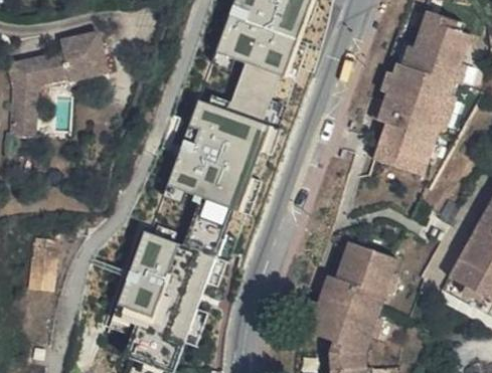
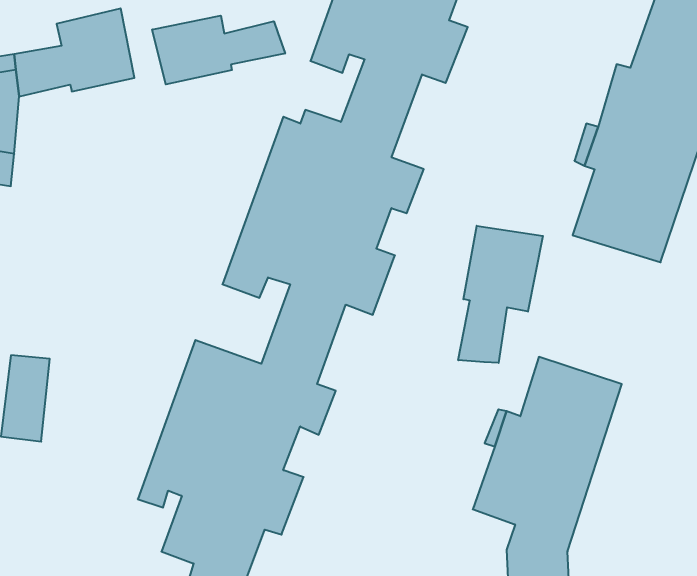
building: none -> [152,16,285,84]
building: none -> [458,226,543,363]

